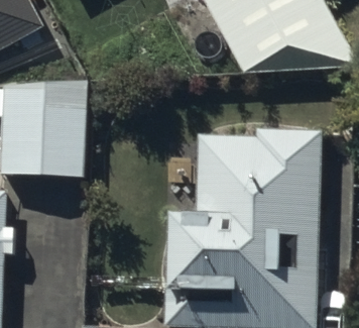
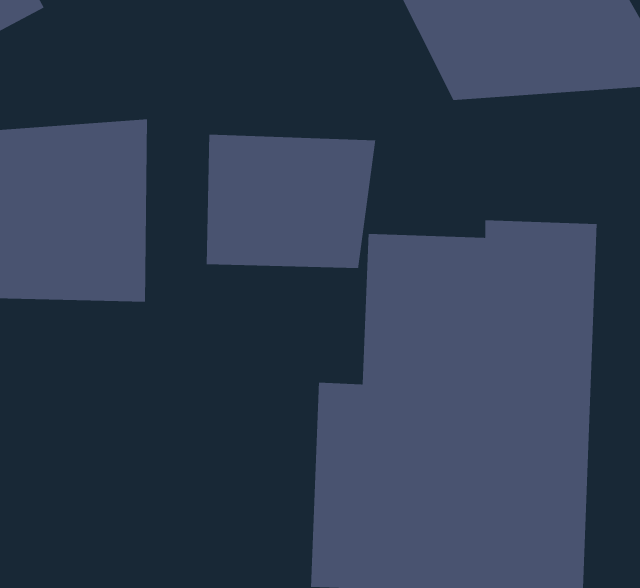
building: none -> [206,134,376,269]

